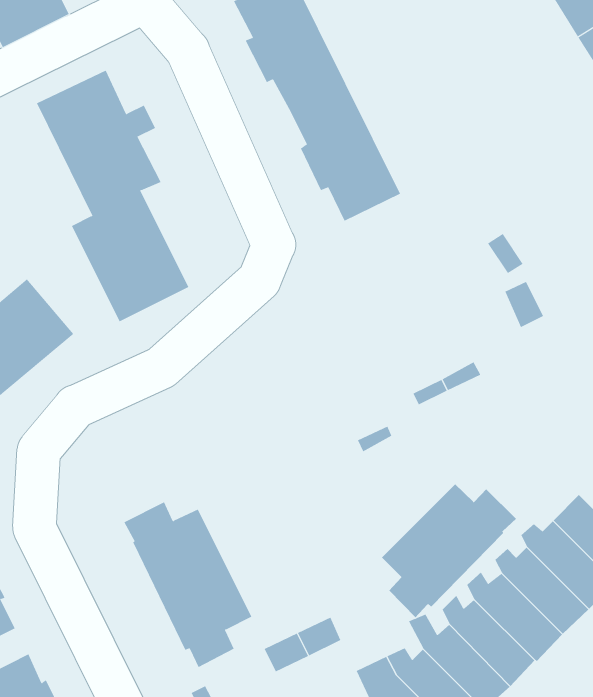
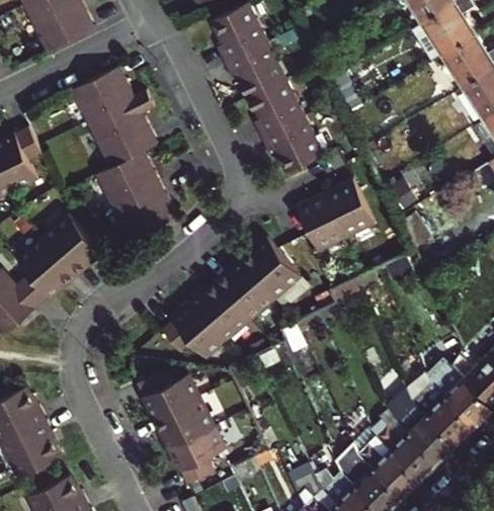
building: none -> [300,182,378,252]
building: none -> [159,237,297,357]
building: [381,484,517,618] -> none

